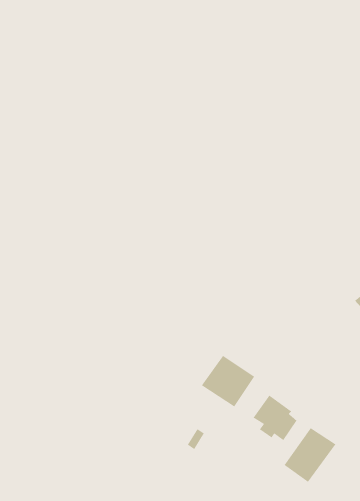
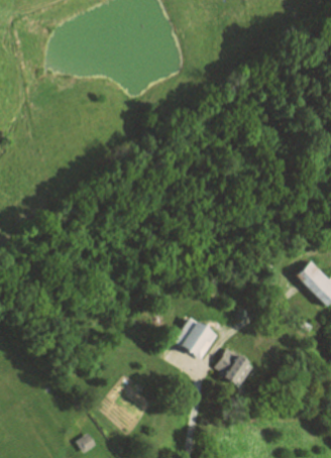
building: [283,427,336,483] -> none

